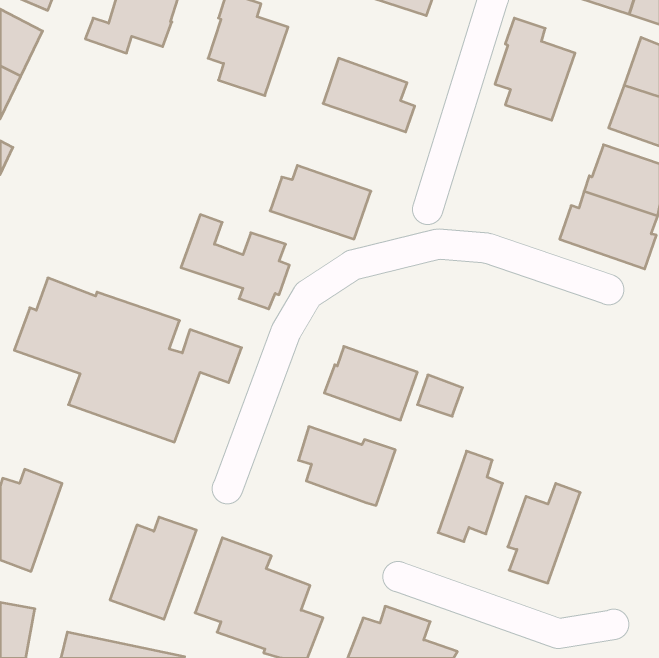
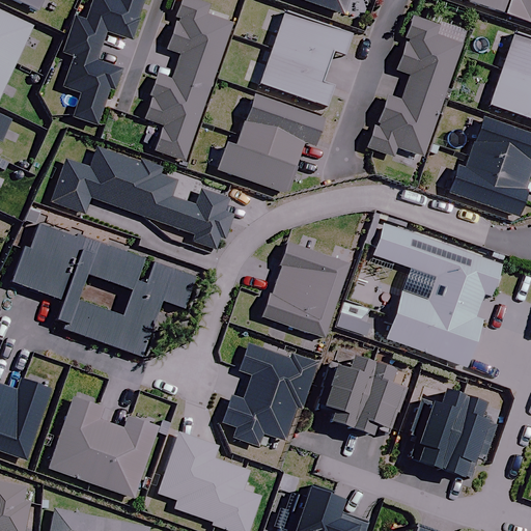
building: none -> [273,10,352,66]
building: none -> [63,31,122,122]
building: none -> [146,64,214,160]
building: none -> [367,84,444,155]
building: none -> [240,93,324,153]
building: none -> [51,146,163,215]
building: none -> [374,223,503,368]
building: none -> [277,242,348,299]
building: none -> [318,350,375,427]
building: none -> [223,386,296,445]
building: none -> [441,395,497,478]
building: none -> [49,396,111,481]

